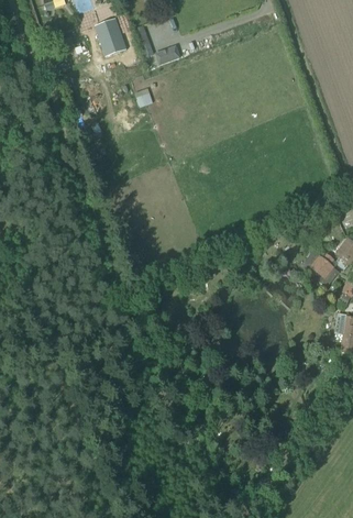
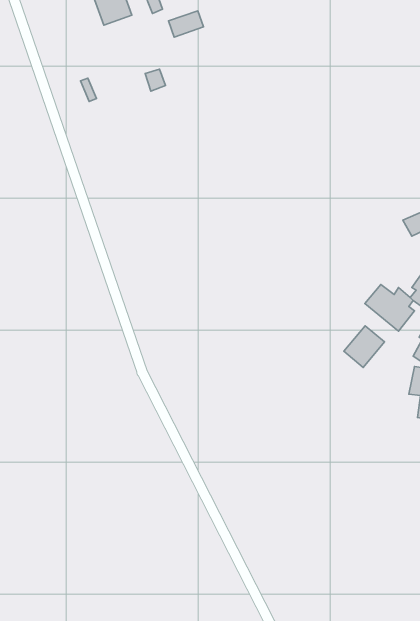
building: none -> [344,326,384,367]

